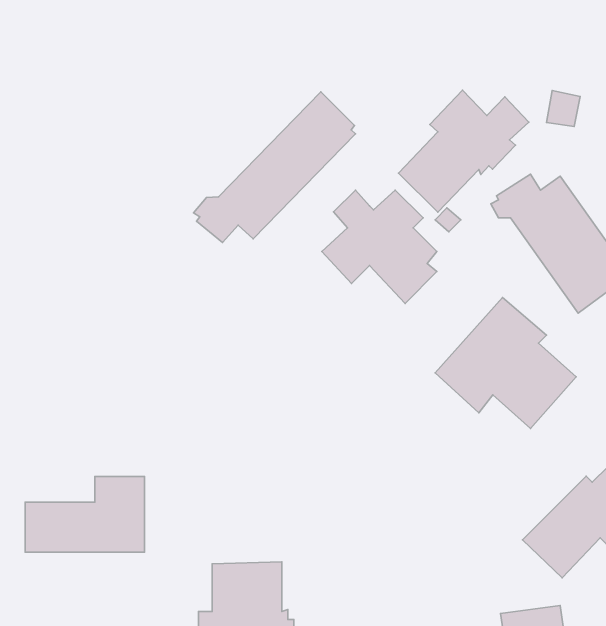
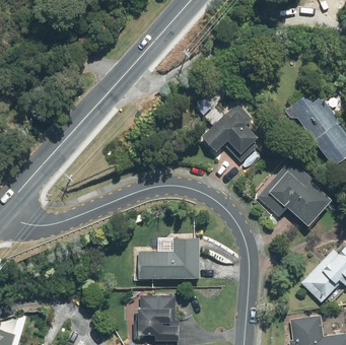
building: [398,90,529,212] -> none
building: [193,92,356,243] -> none
building: [25,476,145,552] -> [141,237,202,276]

